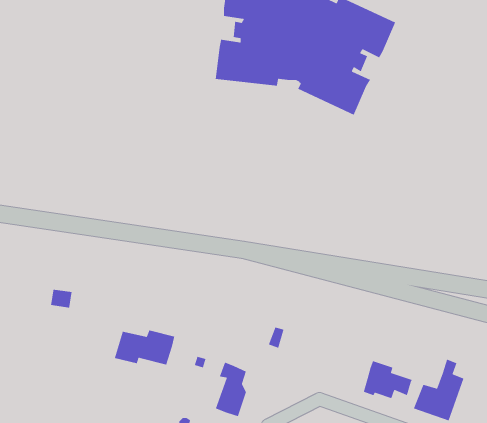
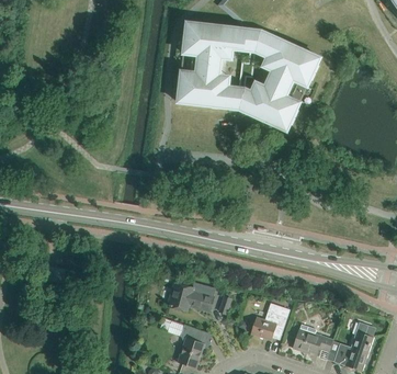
building: [114,329,175,366] -> [167,282,215,310]
building: none -> [250,303,290,340]

